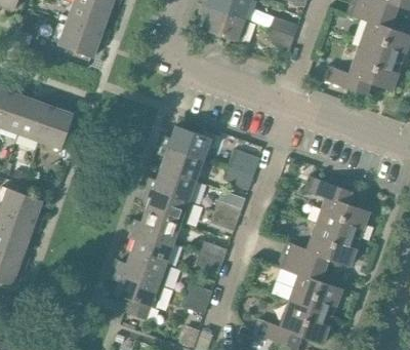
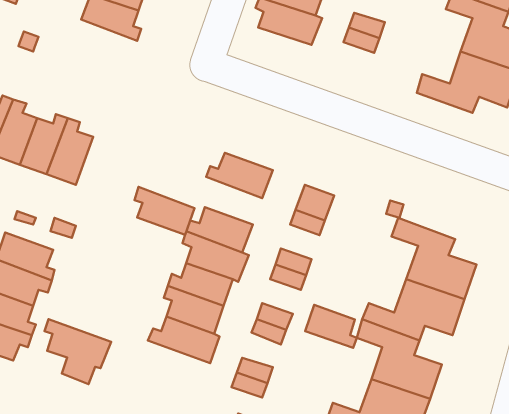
building: [56,23,108,59] -> none
building: [158,144,204,181] -> [135,187,194,235]
building: none -> [305,305,357,348]
building: [113,270,164,320] -> [44,319,111,384]

